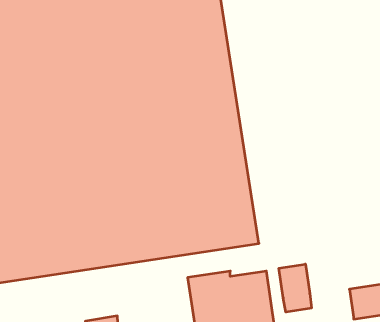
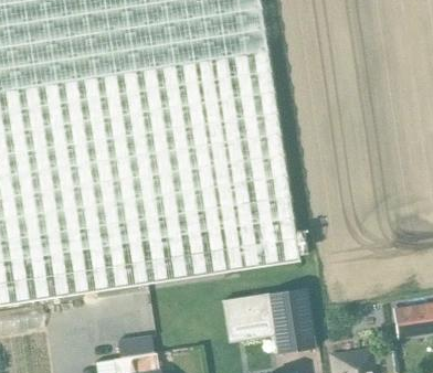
building: [279,264,311,312] -> none

